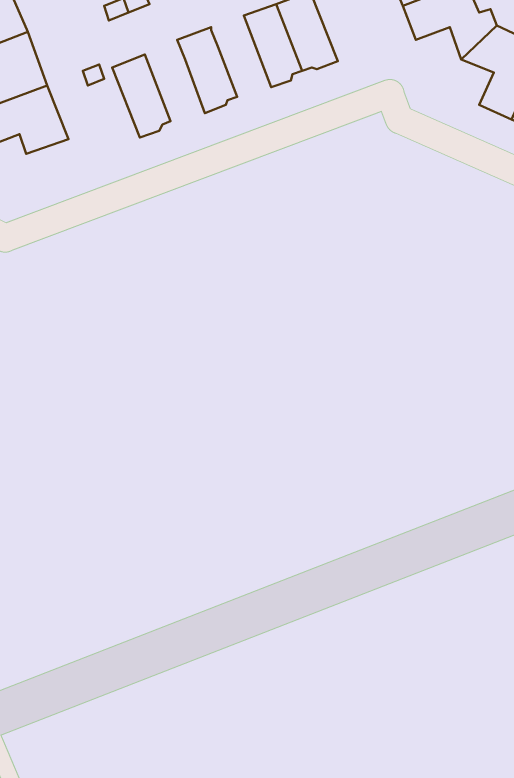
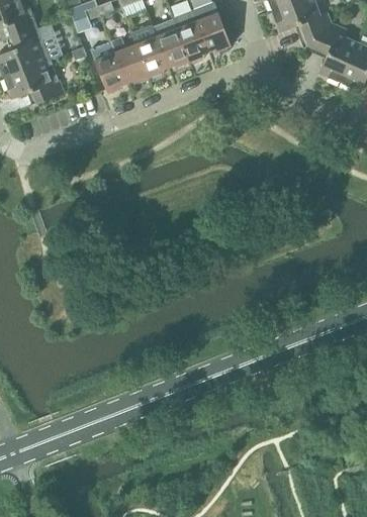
building: none -> [152,17,189,68]
building: none -> [110,37,148,83]

